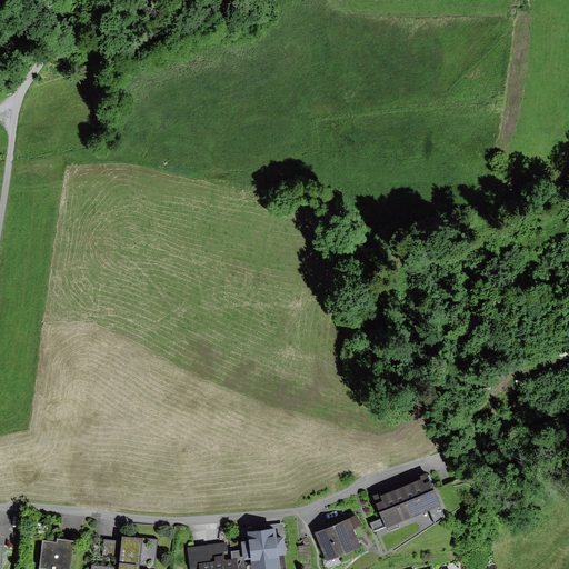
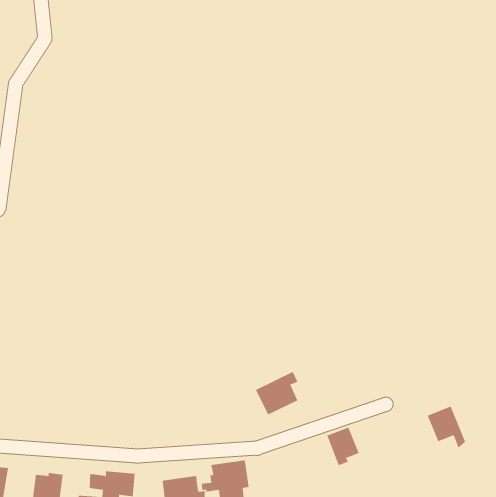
building: [398,477,442,526] -> [427,406,466,449]
building: [318,513,367,563] -> [255,371,298,415]

